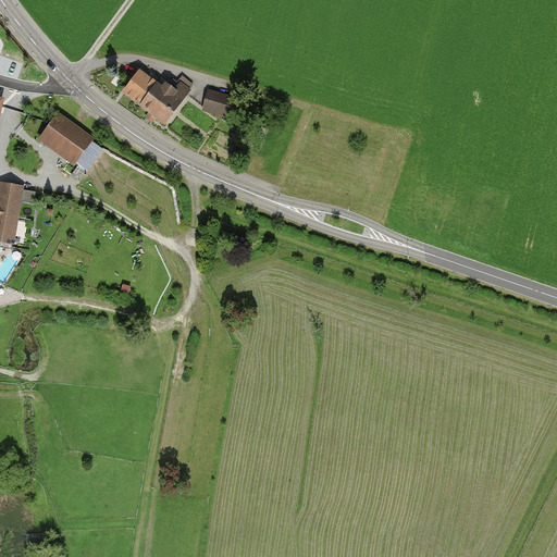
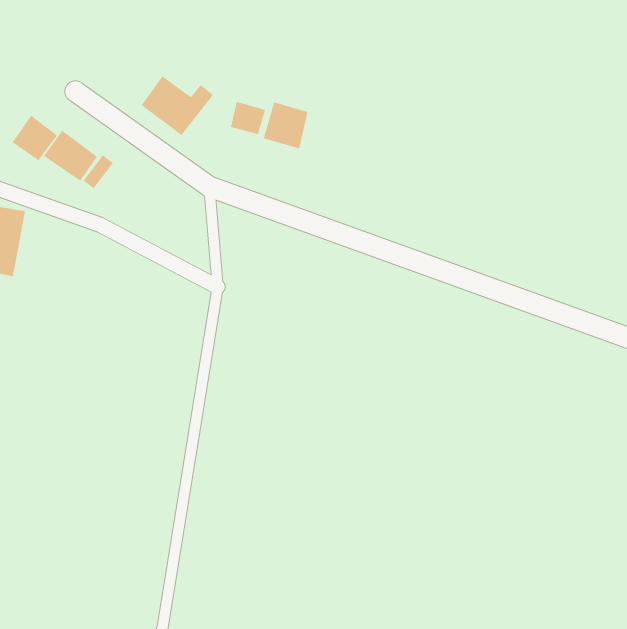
building: none -> [263,102,308,149]
building: none -> [12,115,58,161]

